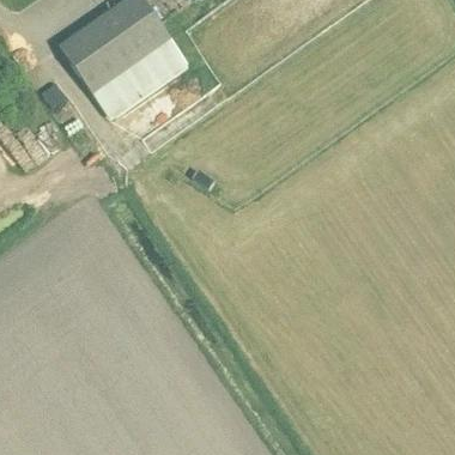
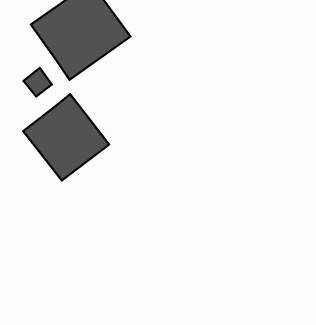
building: none -> [23,94,109,181]

